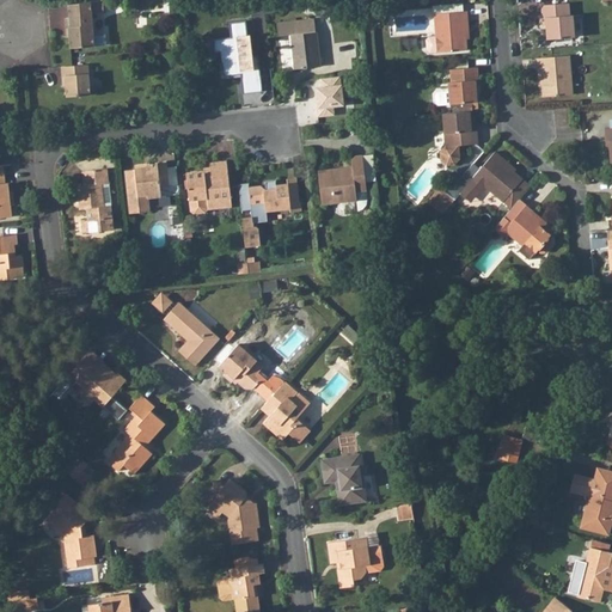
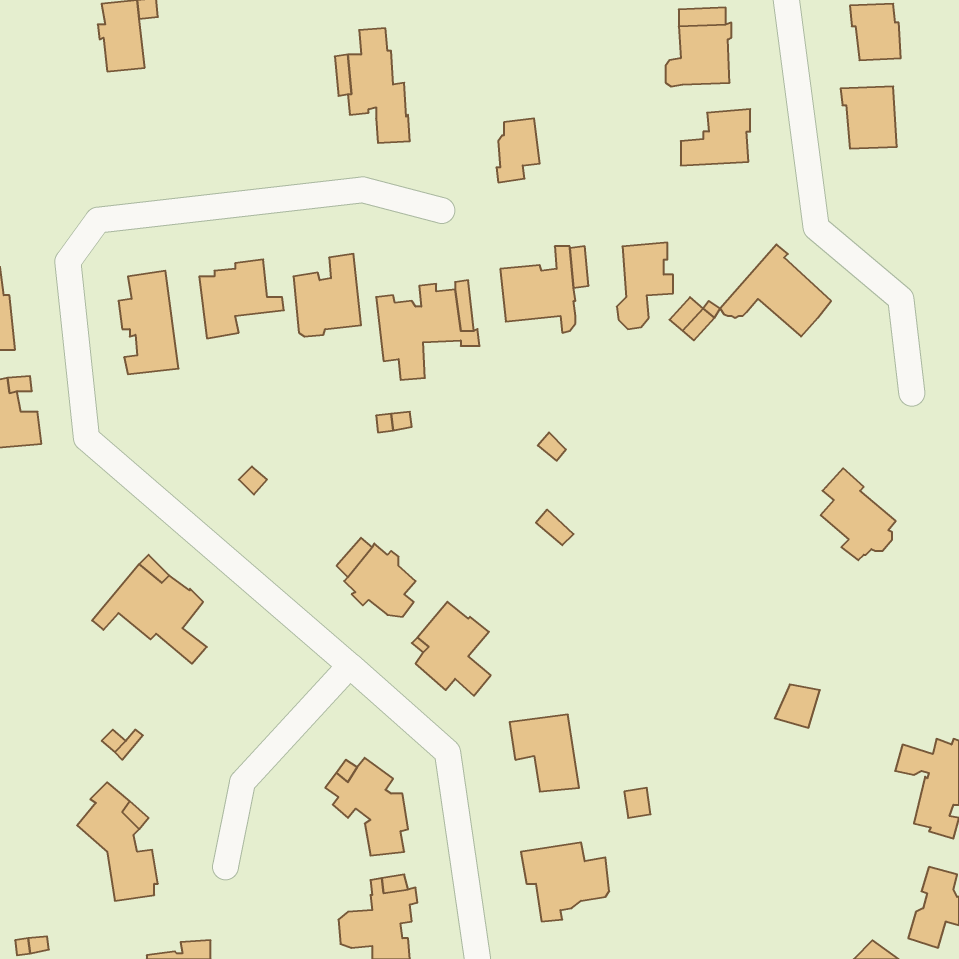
building: [287,20,317,69] -> none
building: [59,62,90,91] -> none
building: [440,111,476,166] -> [617,243,673,329]
building: [506,202,553,261] -> [821,468,896,560]
building: [164,302,220,367] -> none
building: [110,398,167,477] -> none

